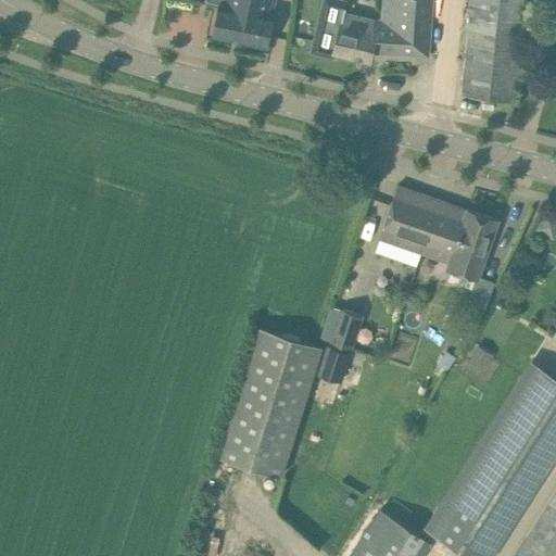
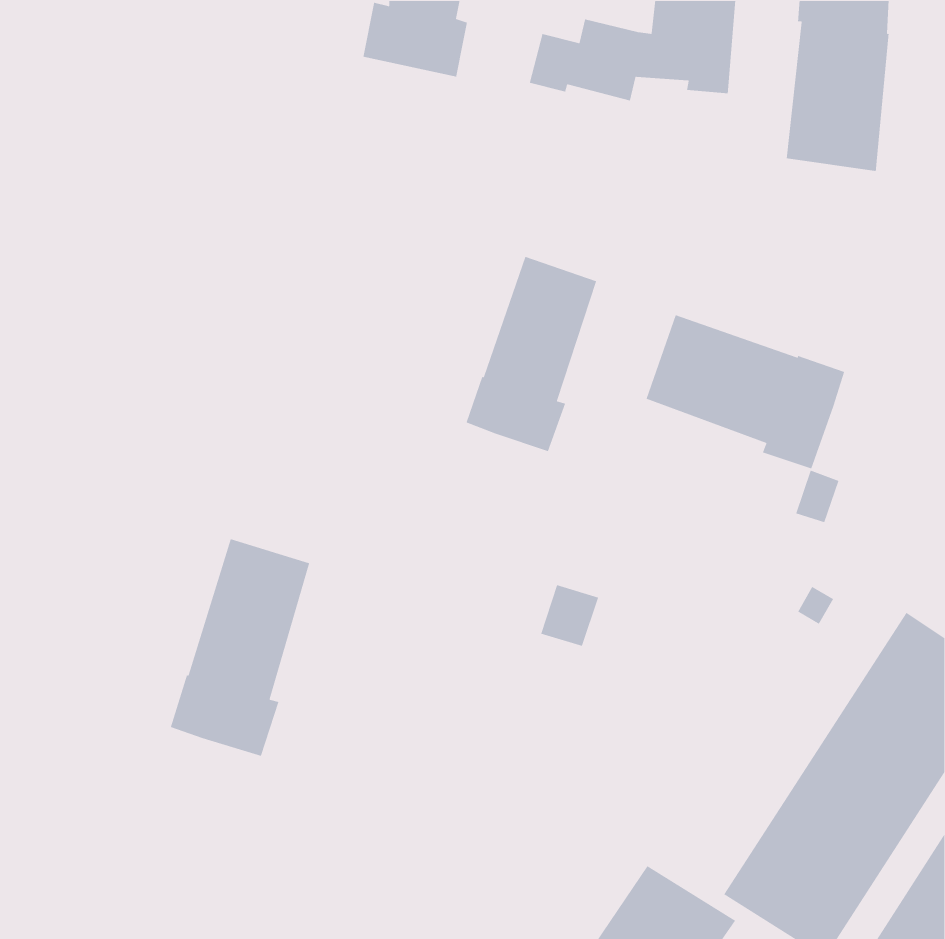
building: none -> [466,256,597,452]
building: [319,307,363,351] -> none
building: none -> [170,538,310,757]
building: [219,329,324,478] -> none

